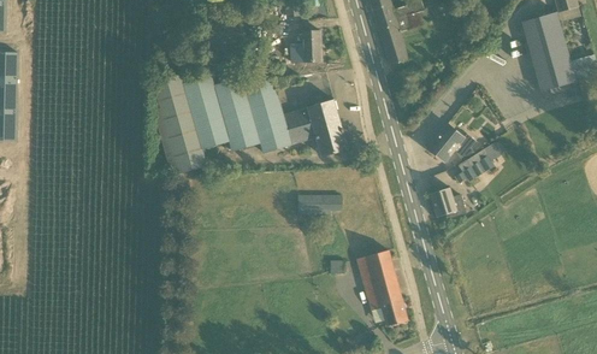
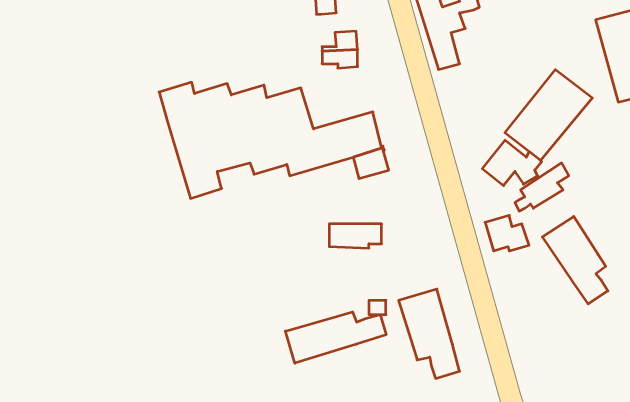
building: none -> [505,70,592,160]
building: none -> [542,216,608,304]
building: none -> [285,312,386,363]

